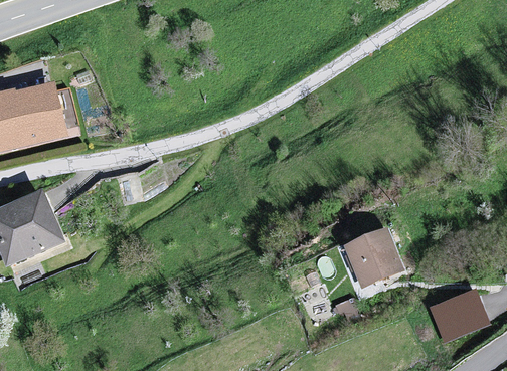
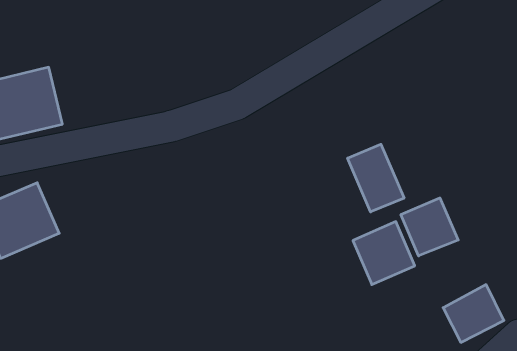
building: none -> [348,144,404,212]
building: none -> [401,198,458,256]

